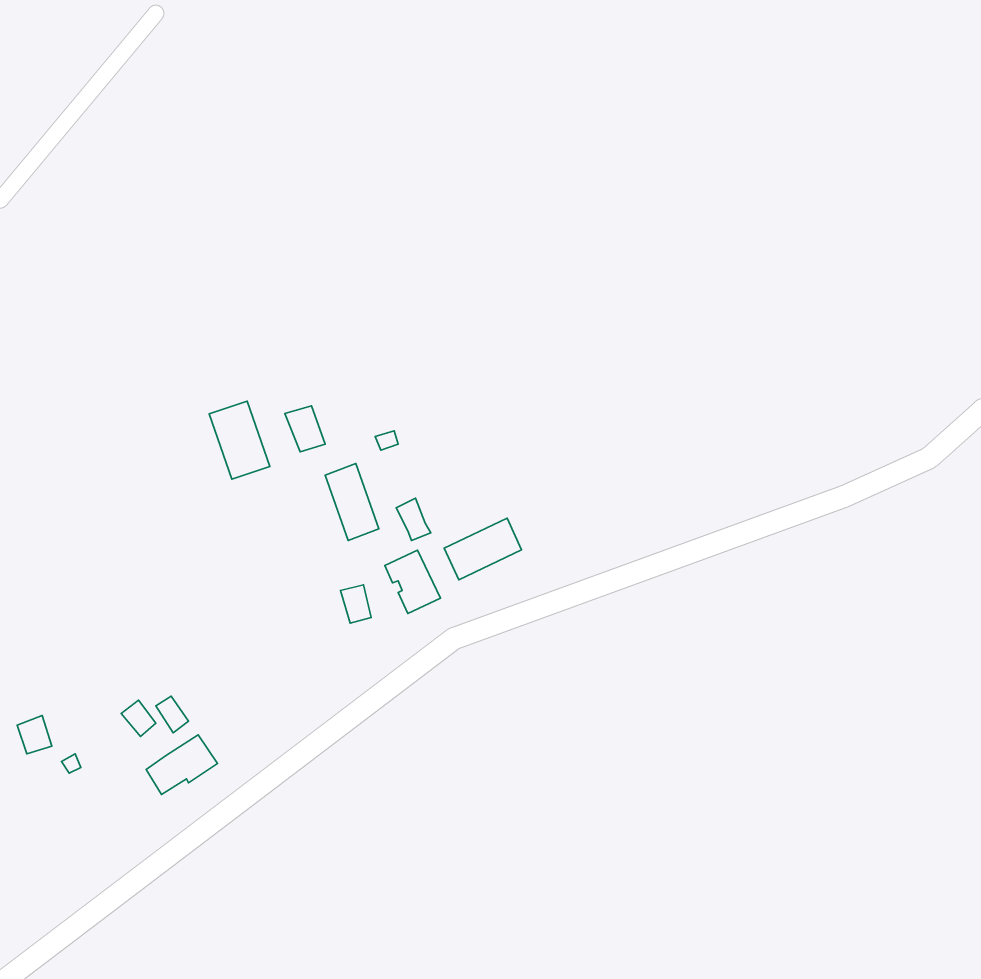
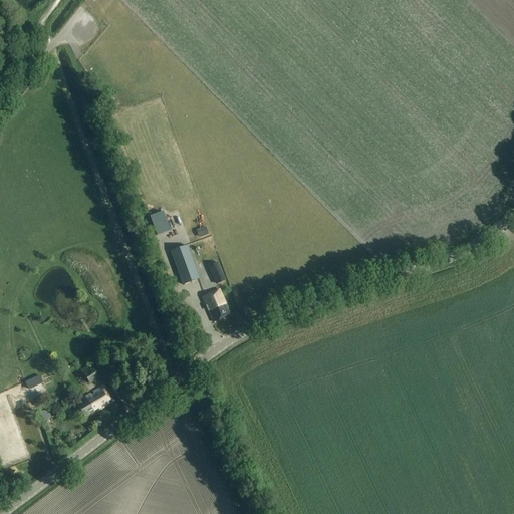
building: [209,401,270,479] -> none
building: [444,518,521,580] -> none

